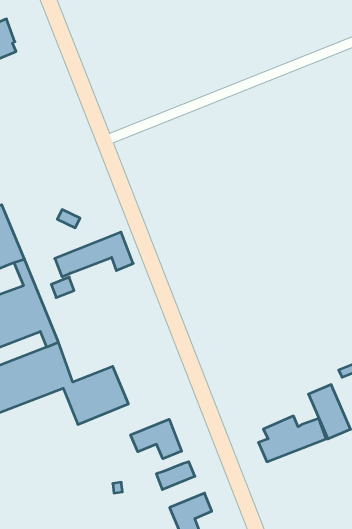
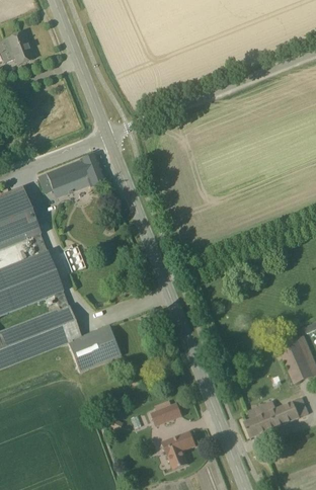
building: [55,232,133,277] -> [37,154,103,191]
building: [258,416,326,462] -> [242,400,299,438]
building: [131,419,182,459] -> none

